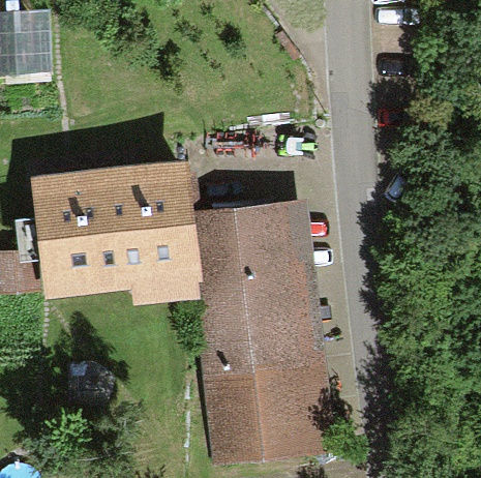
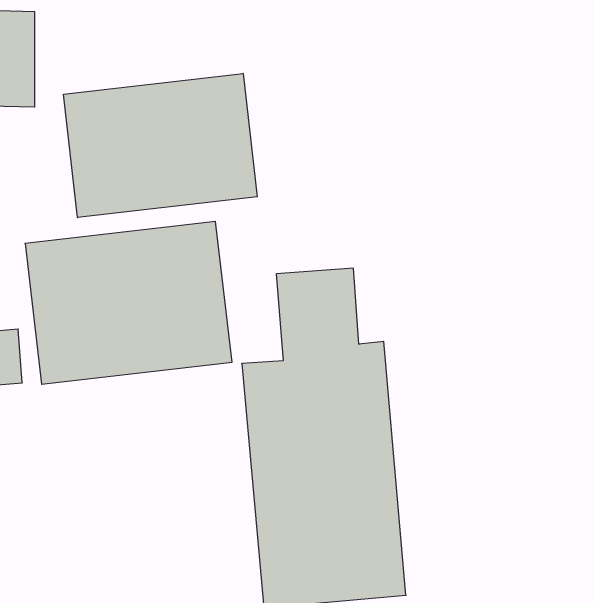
building: none -> [64,73,257,218]

